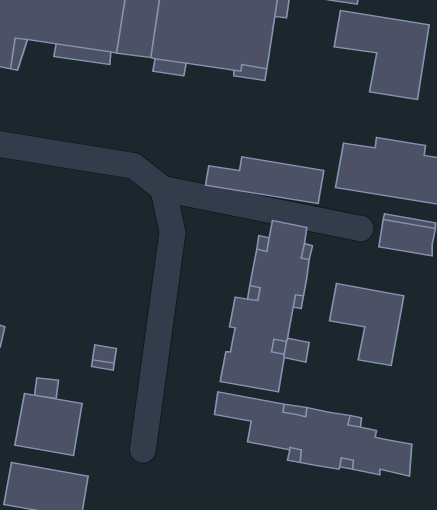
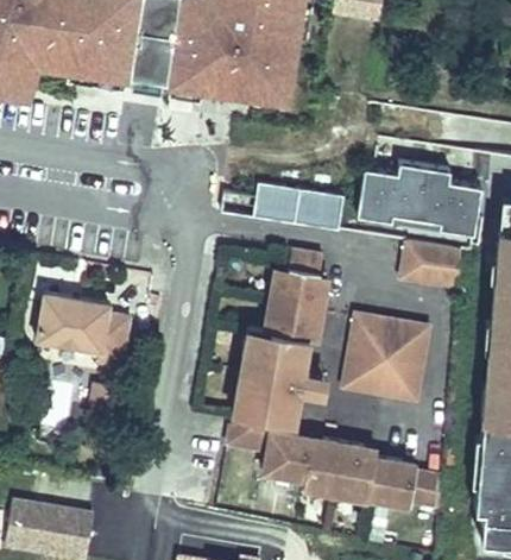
building: [334,10,429,100] -> none
building: none -> [48,287,139,361]
building: none -> [345,353,387,394]
building: [15,393,82,455] -> none

